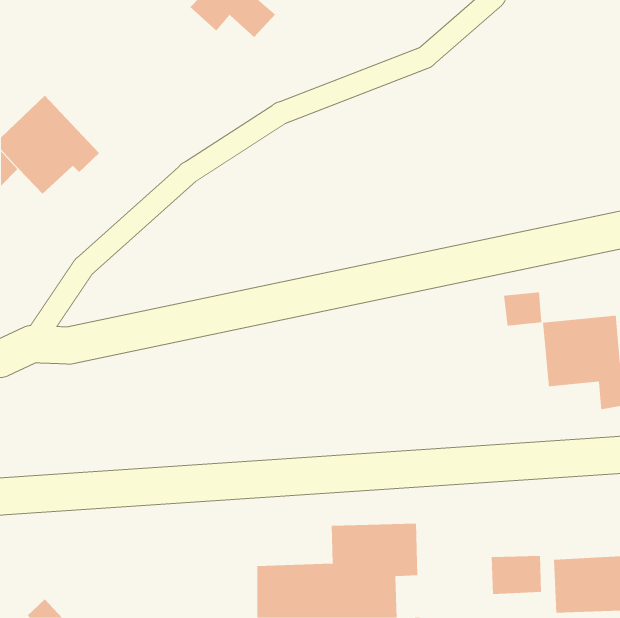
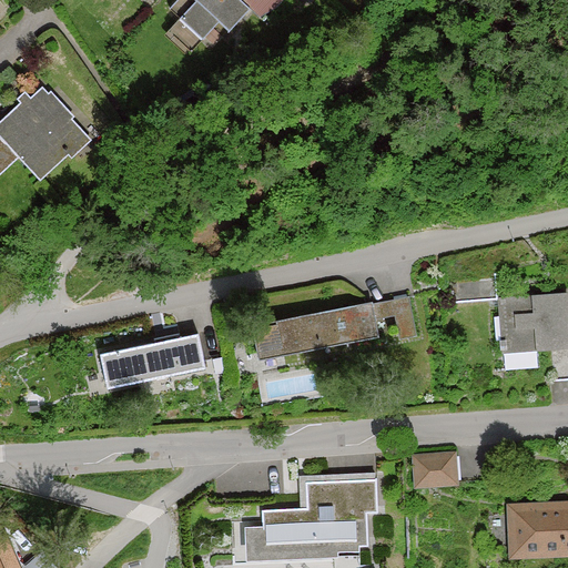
building: none -> [277,292,417,358]
building: none -> [98,331,206,385]
building: [491,556,542,595] -> [417,456,464,491]

